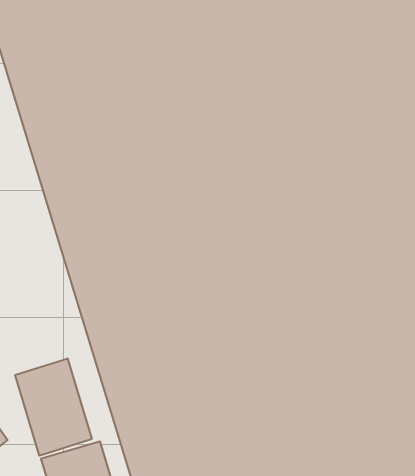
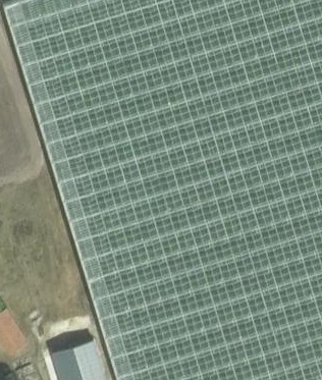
building: [15,358,92,456] -> none

